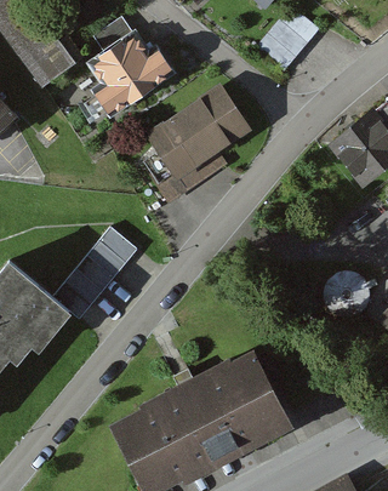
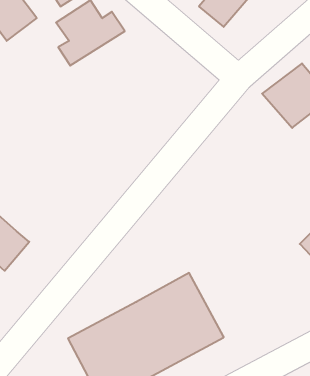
building: [149,87,252,182] -> none
building: [52,230,137,324] -> none

